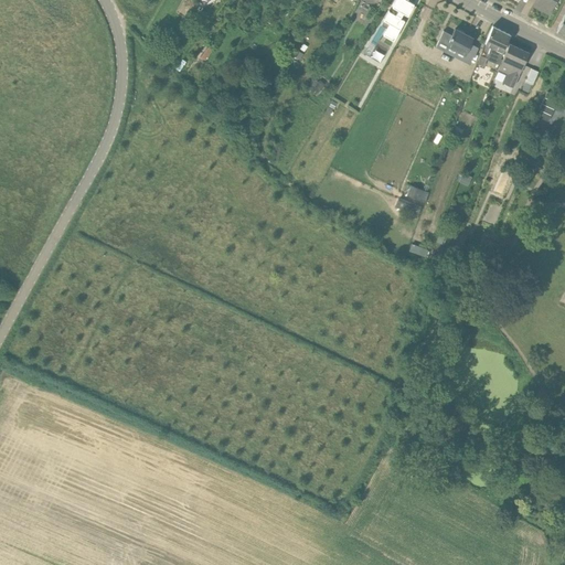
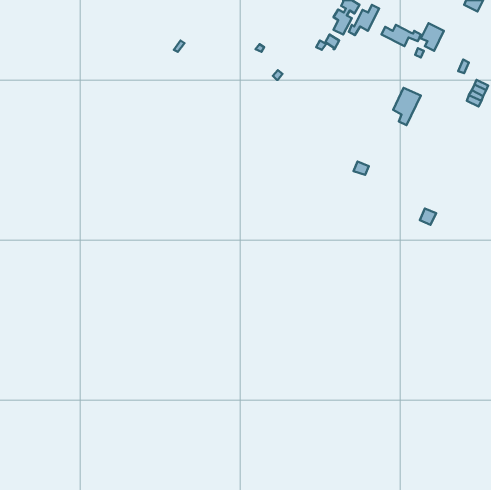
building: none -> [349,5,379,35]
building: [497,45,529,88] -> [393,88,421,125]

